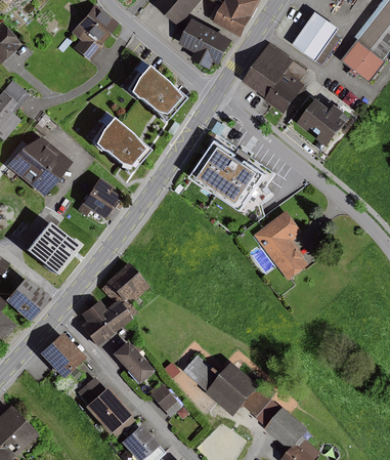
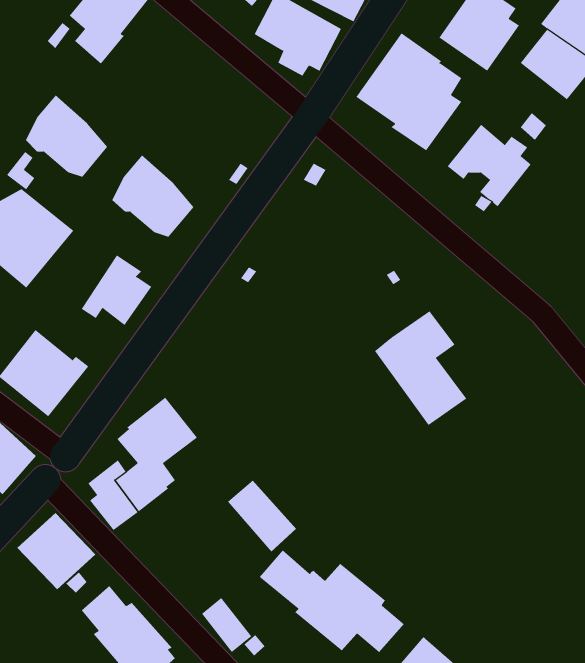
building: [130,64,180,114] -> [25,94,108,177]
building: [191,139,267,211] -> none
building: [111,340,153,384] -> [227,480,297,553]

